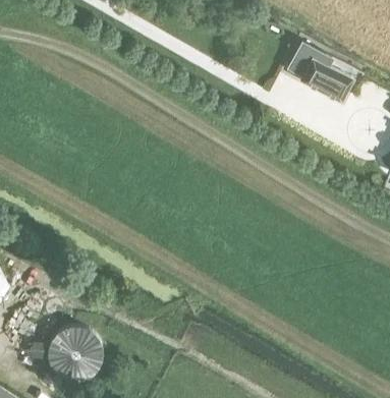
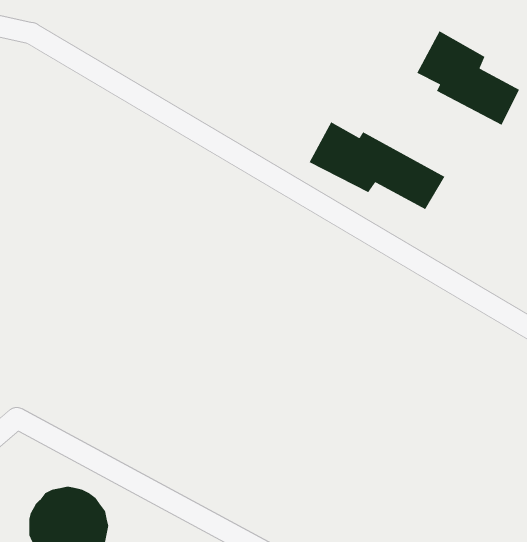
building: none -> [309,121,446,210]

